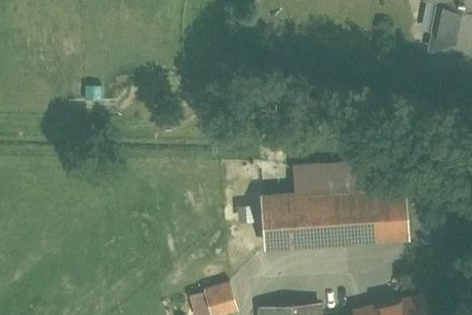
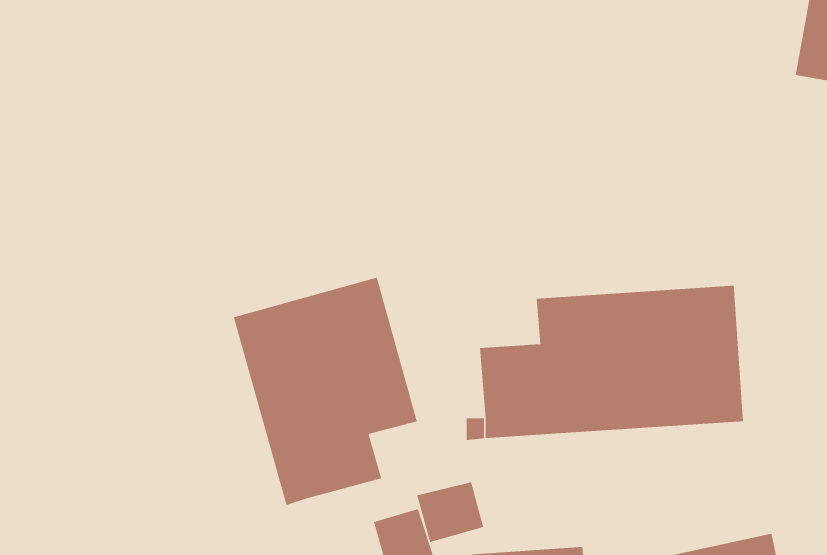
building: none -> [233,277,417,506]
building: none -> [416,481,484,543]

